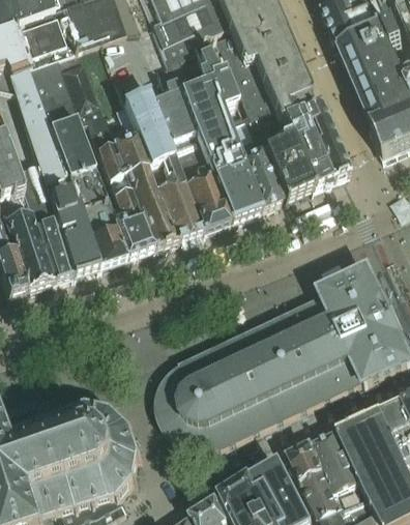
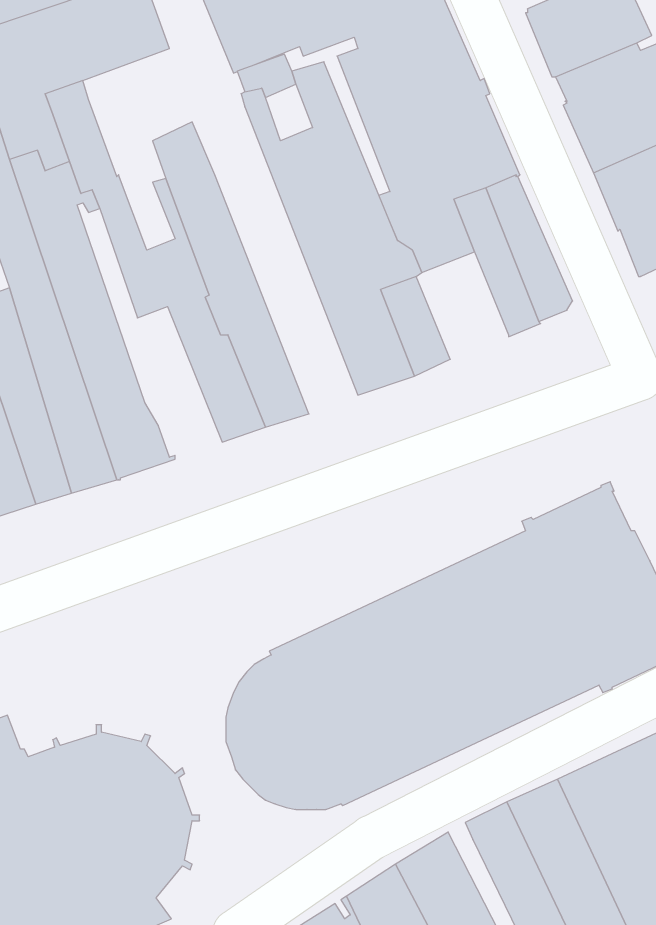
building: [151,61,230,230] -> none
building: [265,141,313,199] -> none
building: [109,171,155,255] -> none

